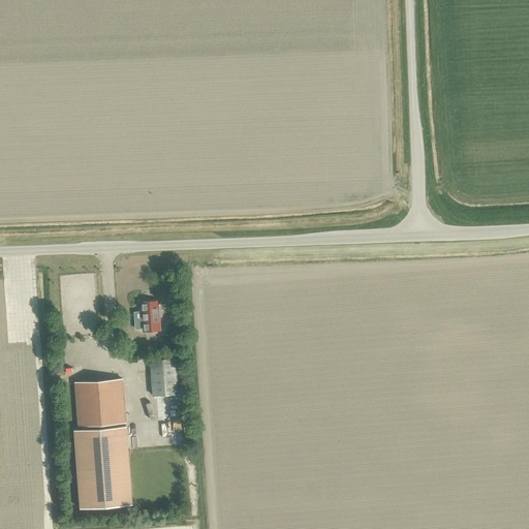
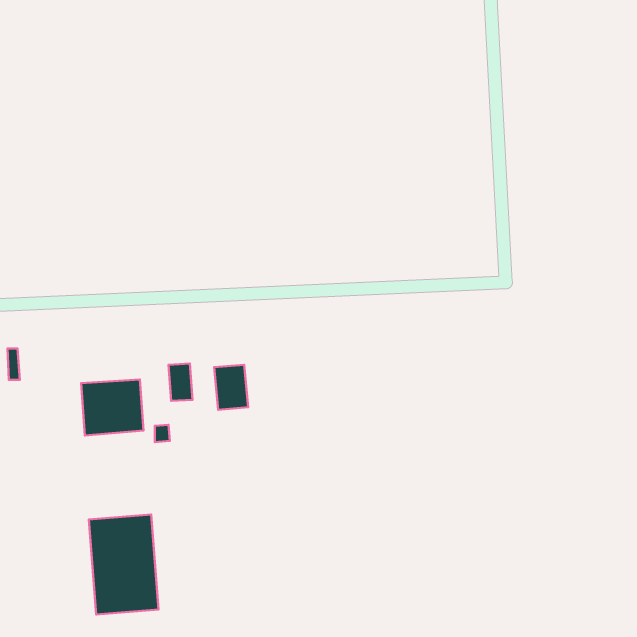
building: [149,360,177,397] -> [214,365,248,410]
building: [73,380,125,427] -> [81,379,143,436]

